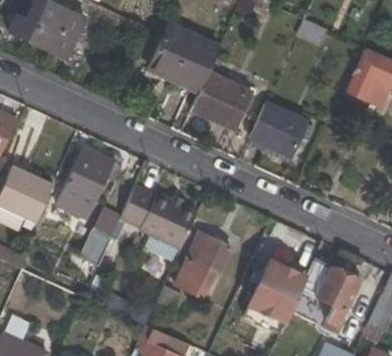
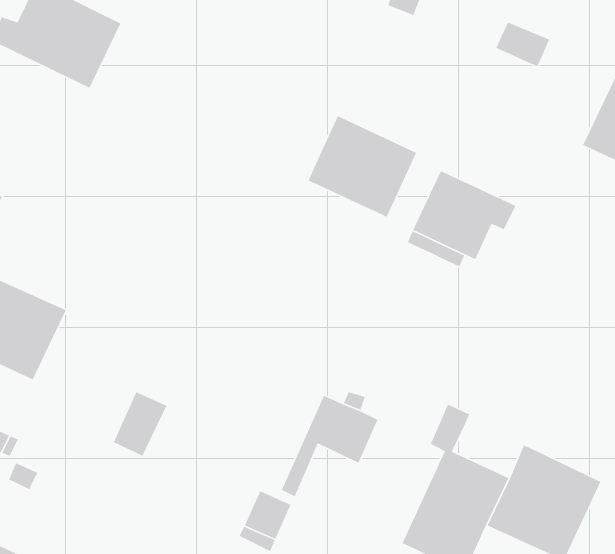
building: [149,24,219,91] -> none
building: [57,146,123,220] -> none
building: [122,185,197,248] -> none
building: [184,259,220,299] -> none

